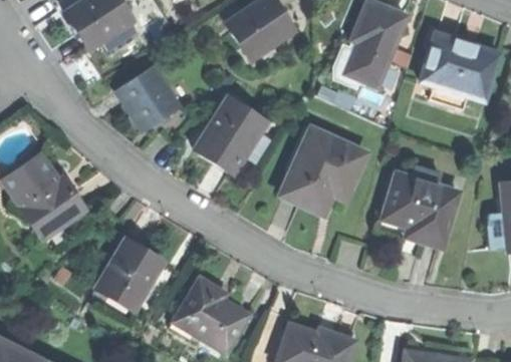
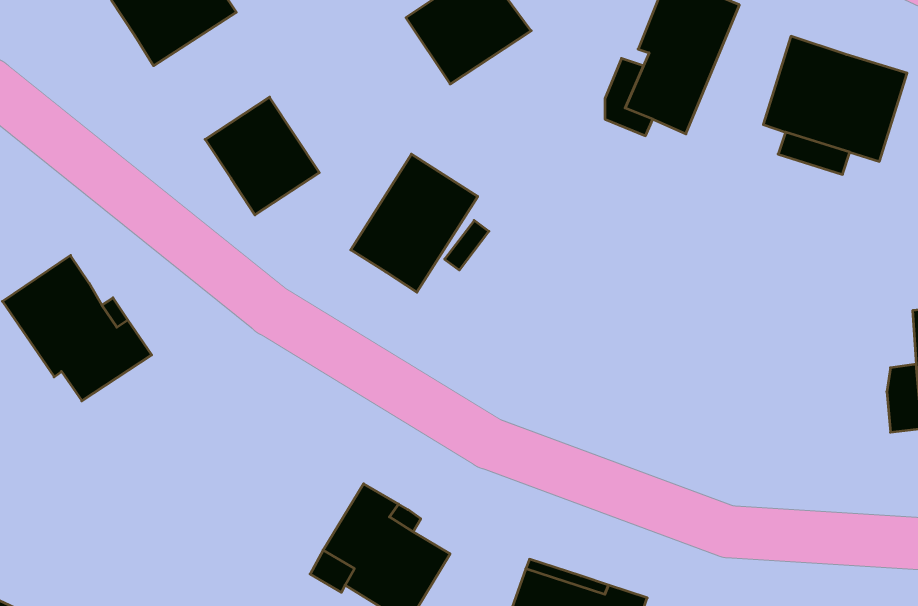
building: [281,128,366,215] -> none
building: [382,166,456,248] -> none
building: [99,237,167,309] -> none

